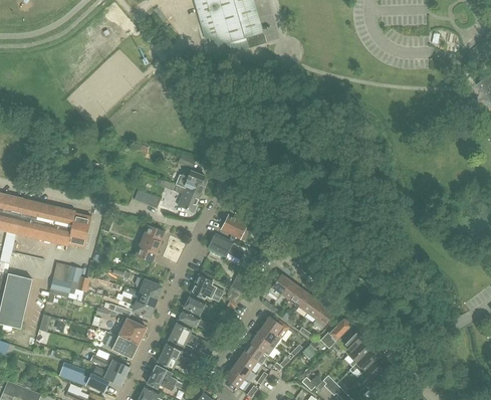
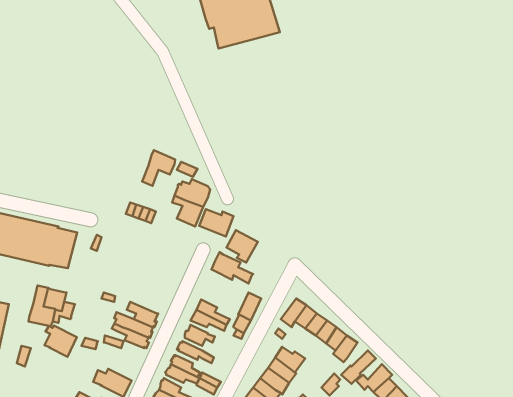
building: none -> [142,150,175,186]
building: none -> [199,209,234,237]
building: [134,224,164,262] -> none
building: [117,318,146,345] -> [44,326,77,357]

